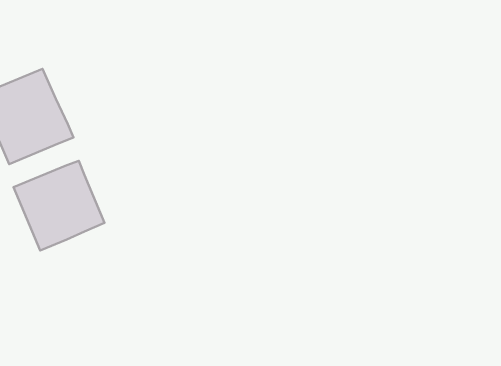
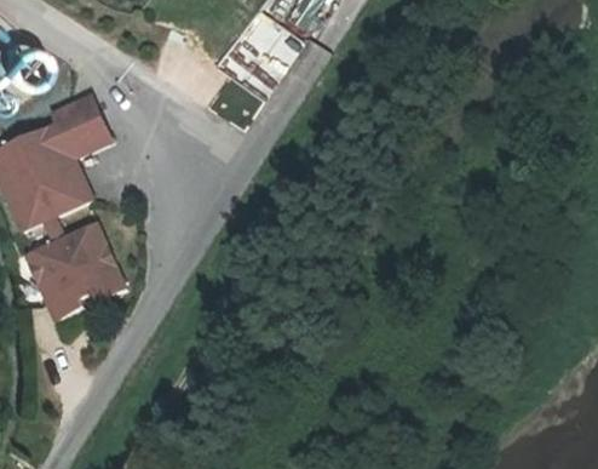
building: none -> [52,93,110,155]

